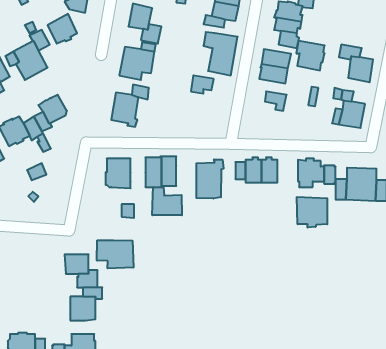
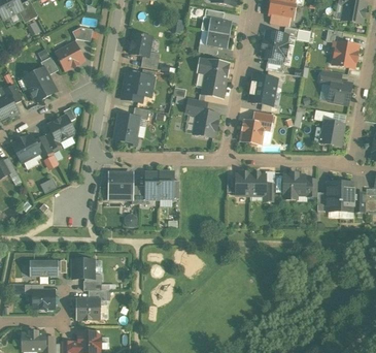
building: [296,41,325,70] -> [332,41,357,68]
building: none -> [194,110,218,137]
building: none -> [241,121,264,145]
building: [196,159,224,199] -> none
building: [152,187,182,215] -> none
building: [297,197,327,228] -> none
building: [97,240,133,268] -> none
building: none -> [30,260,59,277]
building: none -> [33,290,55,309]

